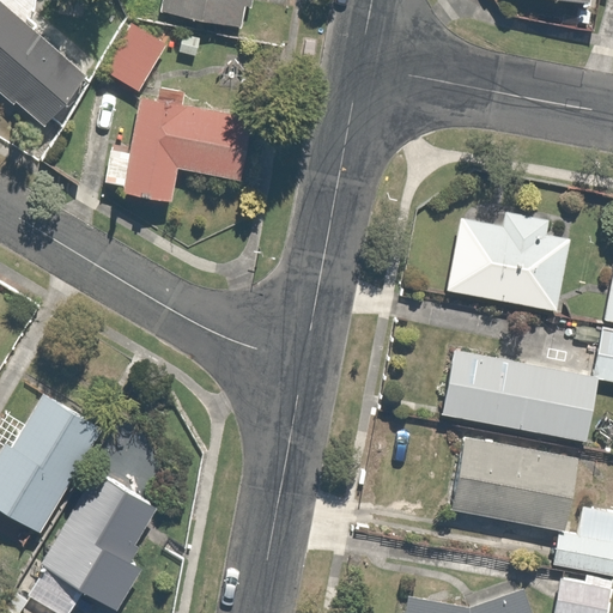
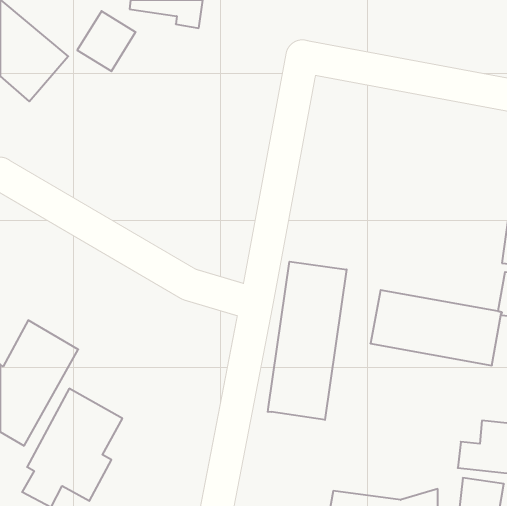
building: [104,99,248,200] -> none
building: [445,211,566,308] -> none
building: none -> [268,262,347,420]
building: [450,437,577,527] -> none

